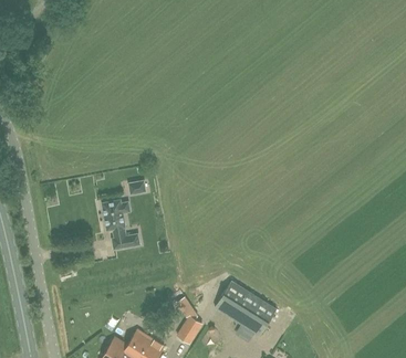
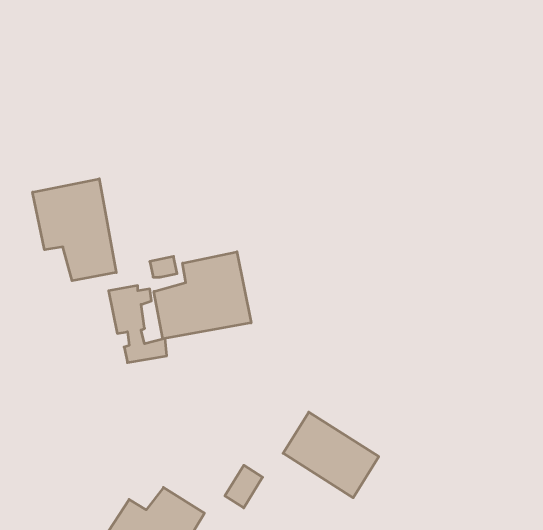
building: none -> [33,179,116,281]
building: none -> [154,252,251,339]

